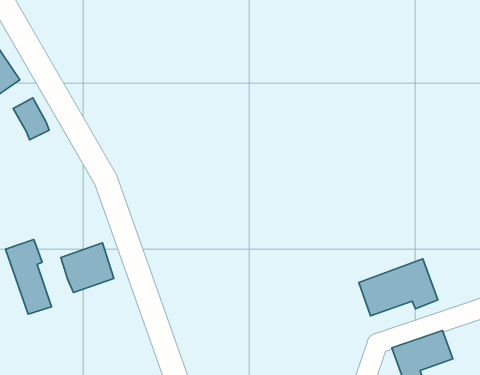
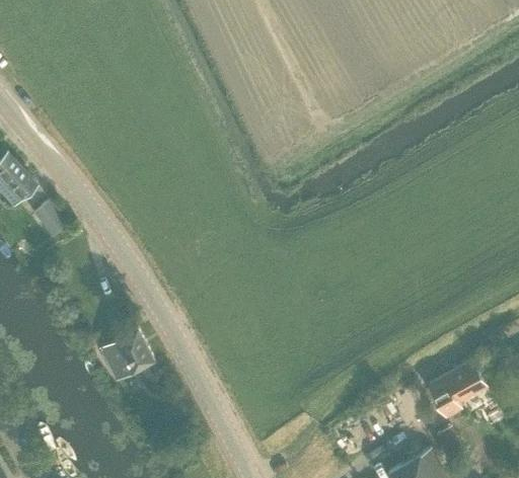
building: [6,240,51,314] -> none
building: [359,259,438,316] -> none

